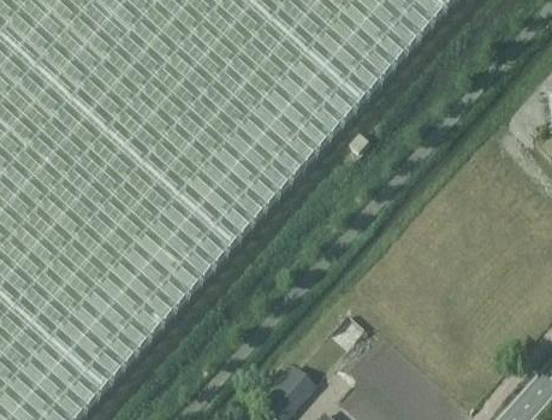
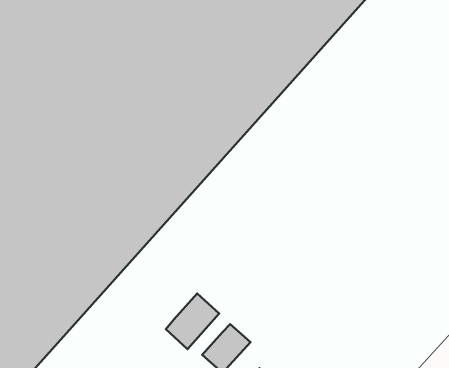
building: none -> [166,293,219,349]

